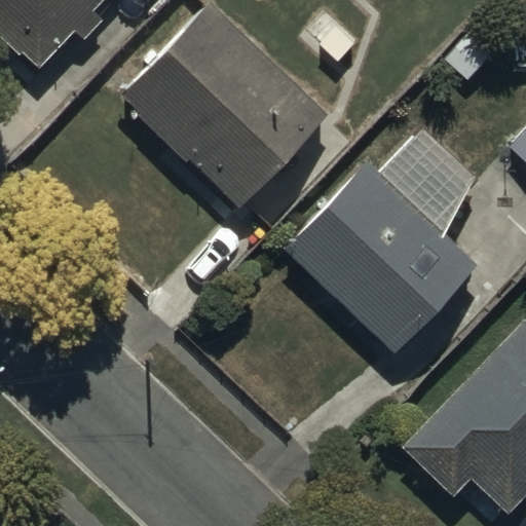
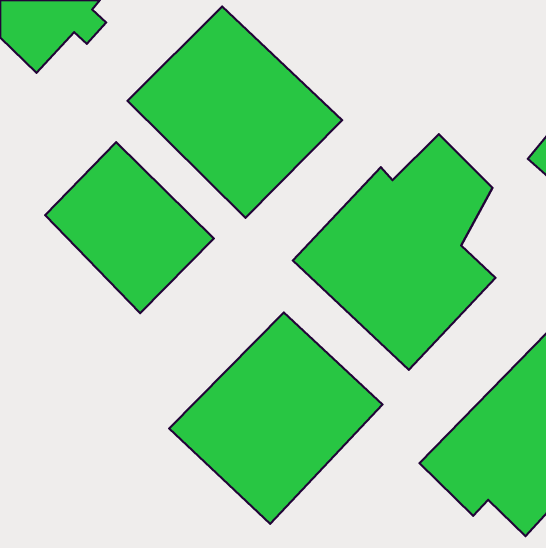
building: none -> [45,142,214,313]
building: none -> [169,312,383,524]

